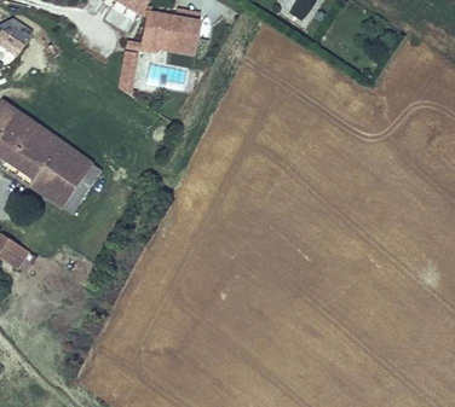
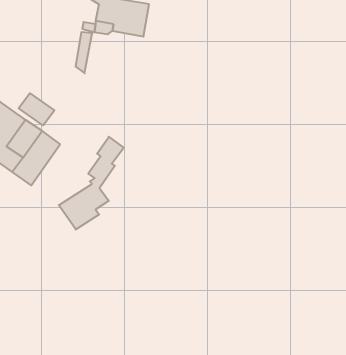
building: none -> [19,93,54,125]
building: none -> [59,137,124,230]

